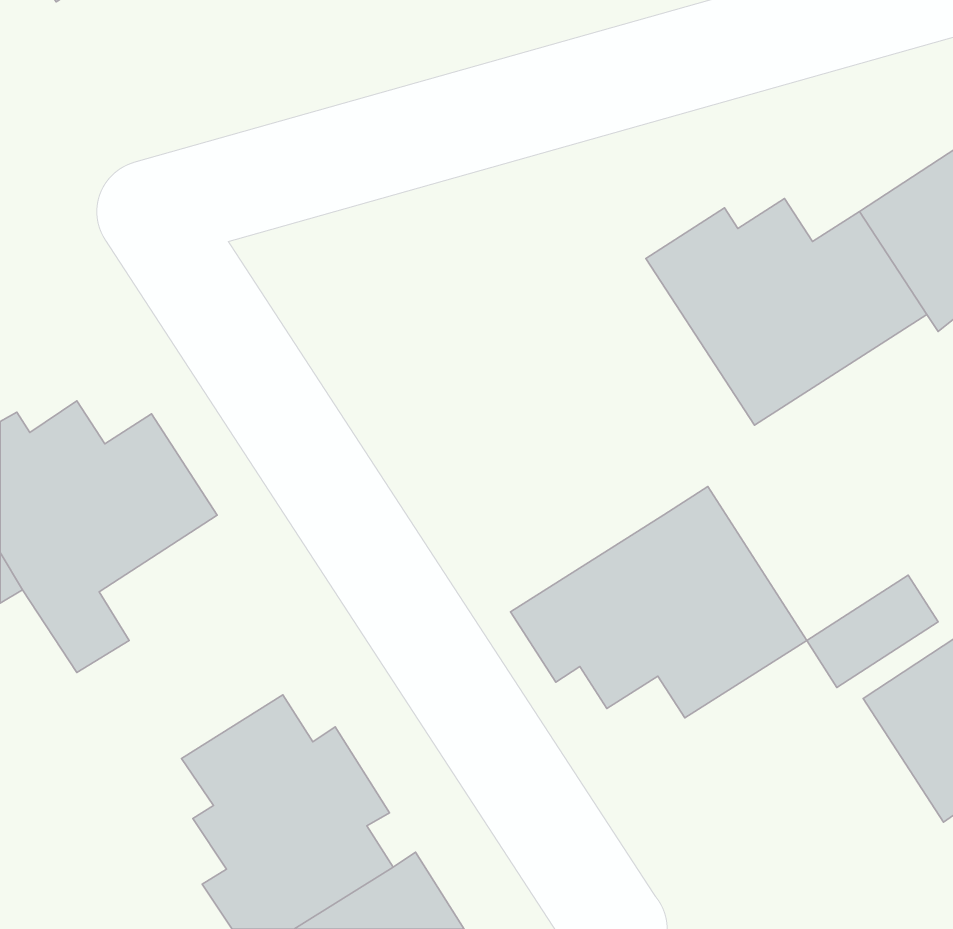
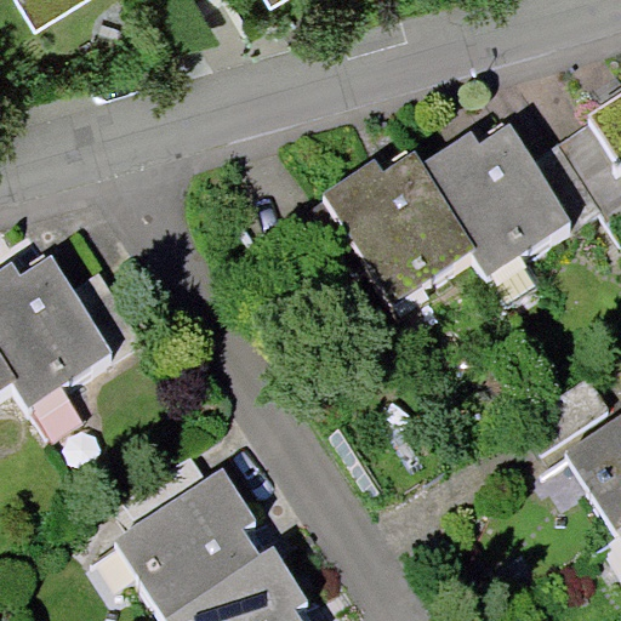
building: none -> [295,156,475,289]
building: [511,487,807,718] -> none

